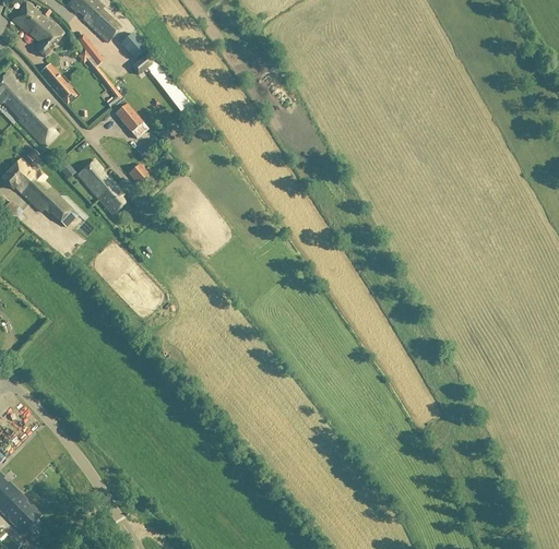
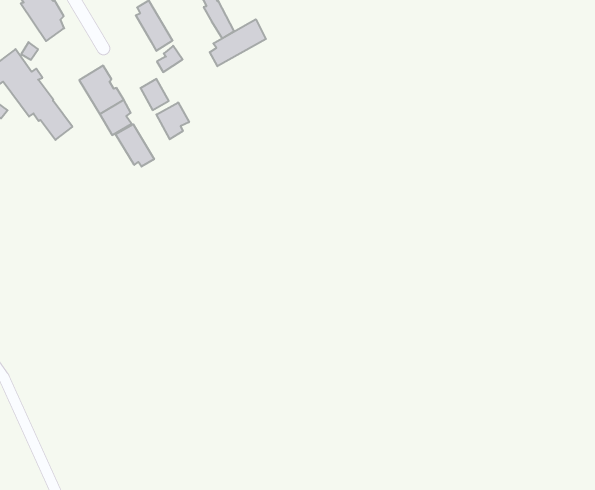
building: none -> [210,19,266,66]
building: none -> [156,102,189,139]
building: none -> [115,124,154,167]

